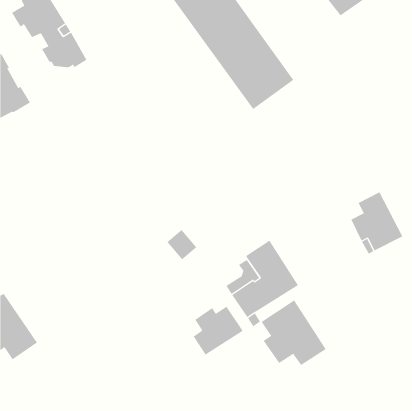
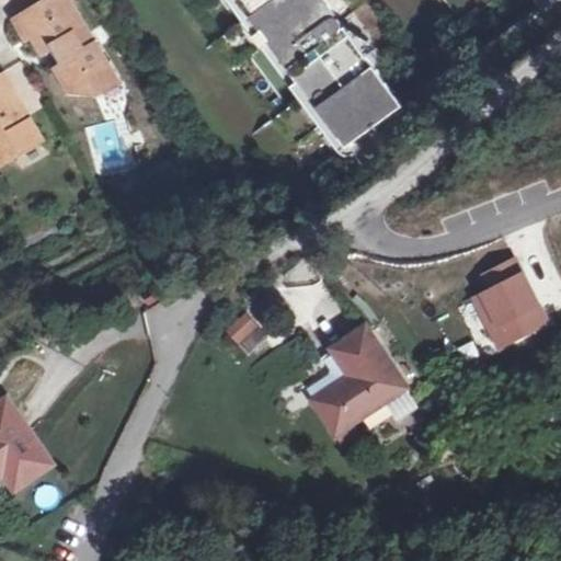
building: [261,299,326,366] -> none
building: [193,306,243,356] -> none

